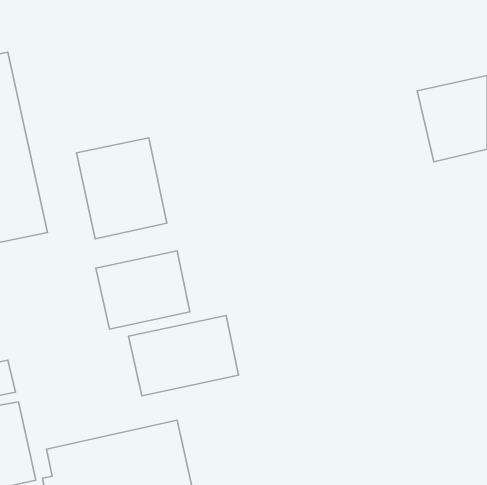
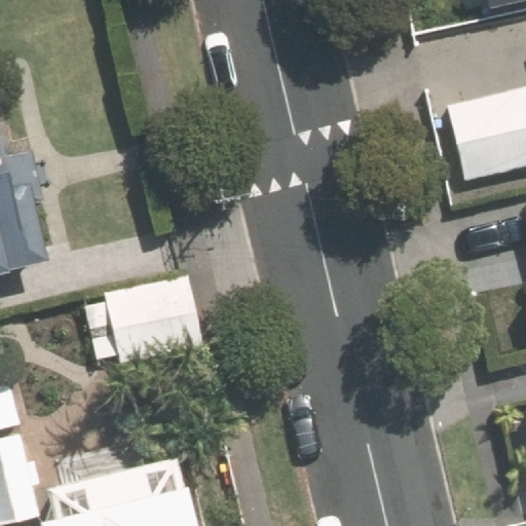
building: [77,138,167,239] -> none
building: [129,315,238,396] -> none

